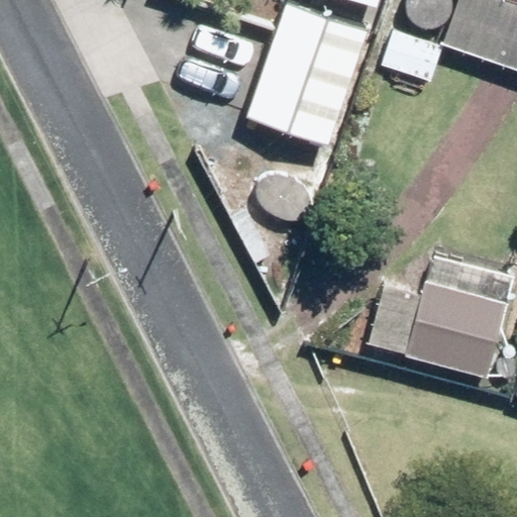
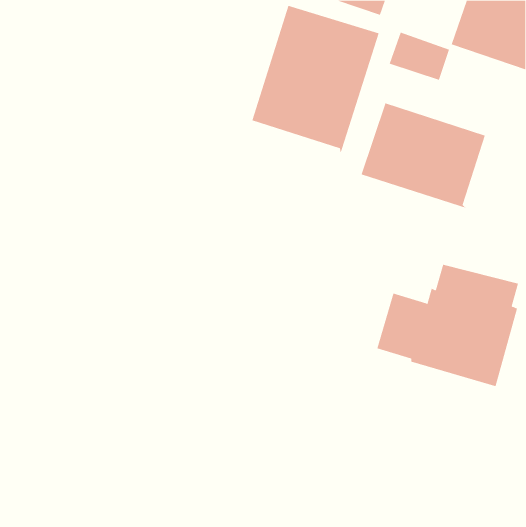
building: none -> [361,103,486,209]

